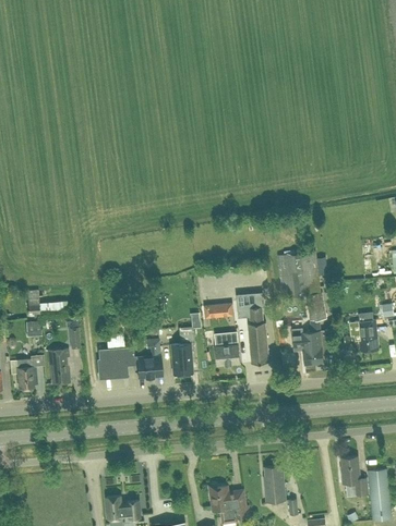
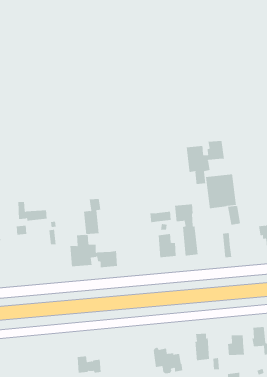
building: none -> [186,140,224,185]
building: [170,328,194,376] -> [83,198,101,234]
building: [311,331,328,365] -> none
building: [47,350,70,386] -> none
building: [16,359,36,389] -> none
building: none -> [228,335,245,356]

